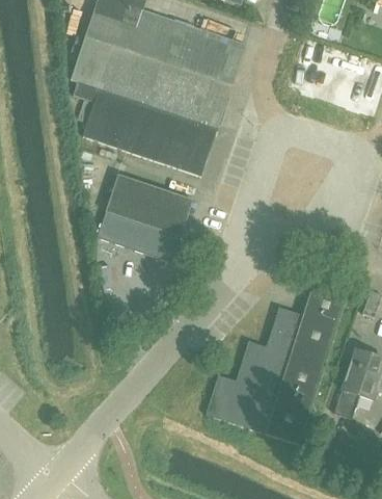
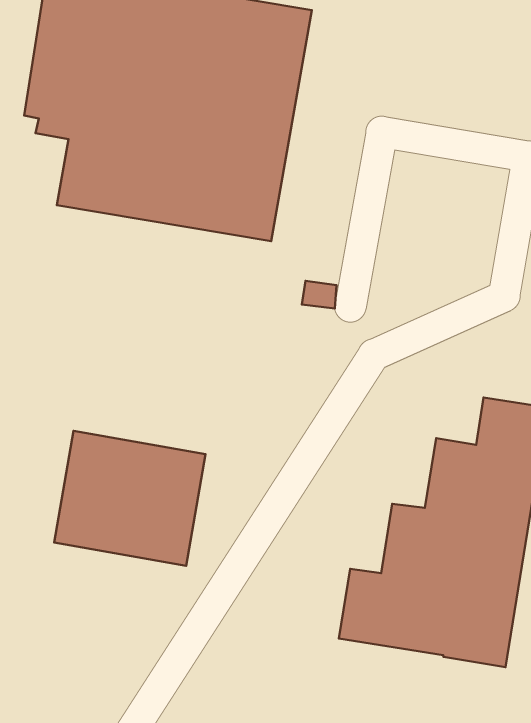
building: [99,173,194,261] -> [54,431,205,566]

